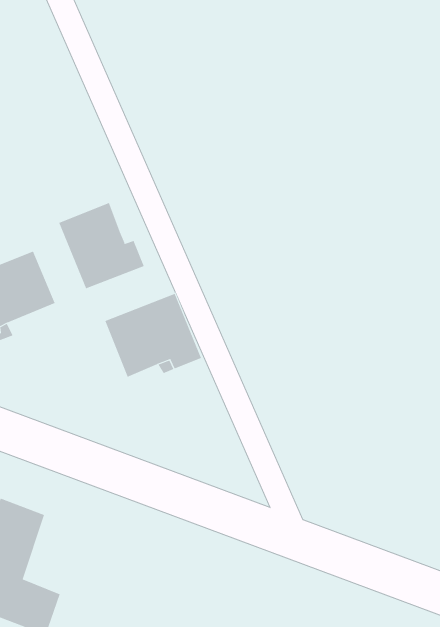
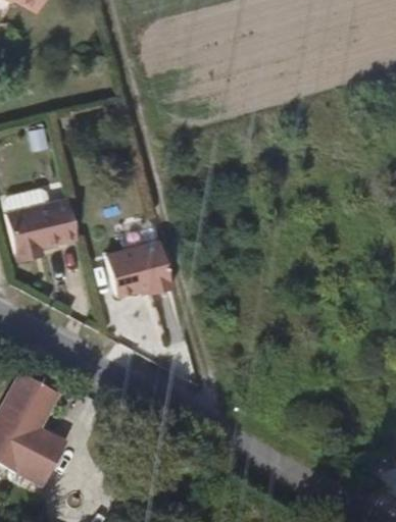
building: [59,202,144,289] -> none

